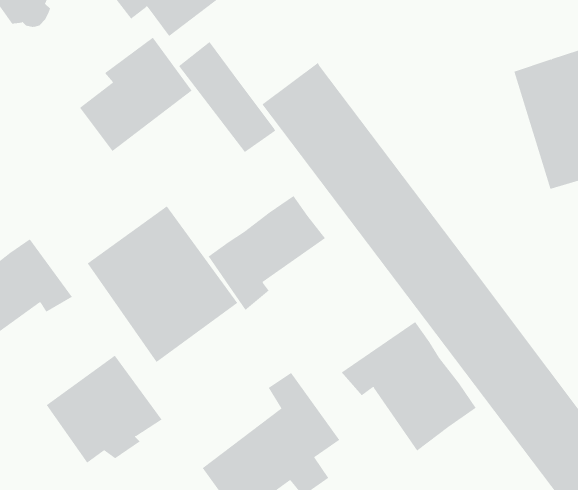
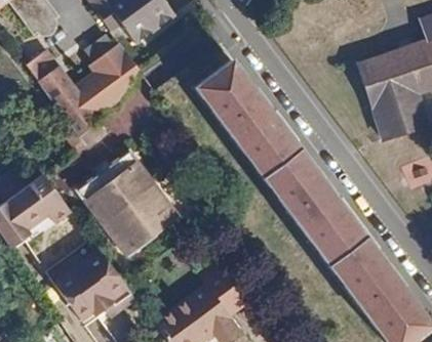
building: [178,41,276,153] -> [34,60,97,133]
building: [208,195,326,311] -> none
building: [341,321,476,451] -> none

